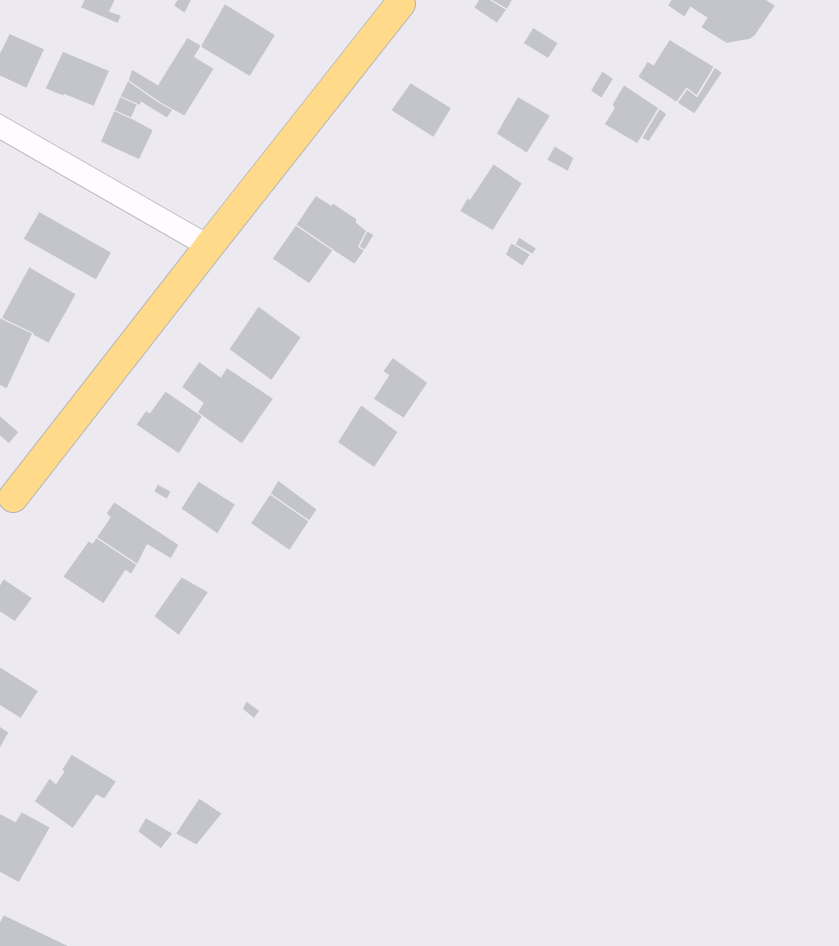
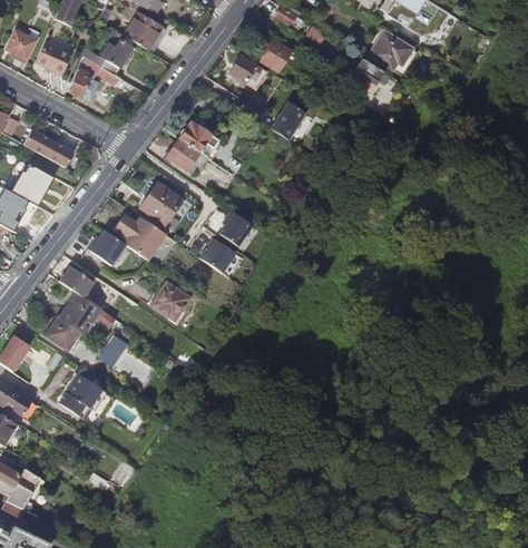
building: [496,96,551,153] -> [260,39,291,71]
building: [180,481,236,534] -> [60,267,91,297]
building: [34,754,117,829] -> [58,376,105,419]

